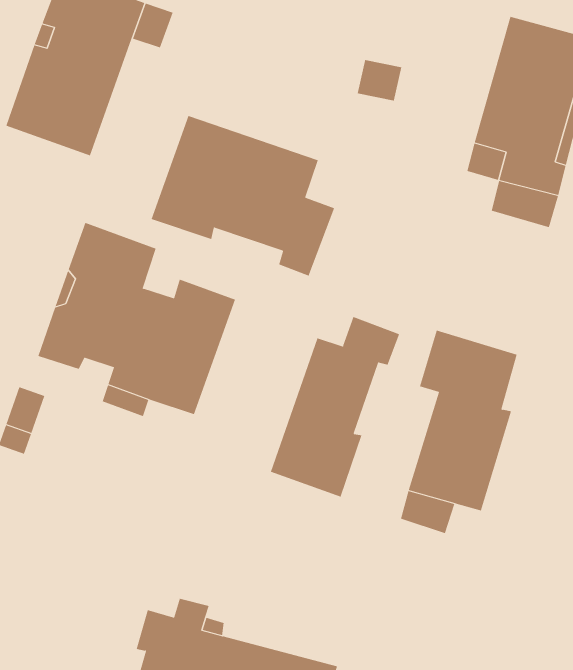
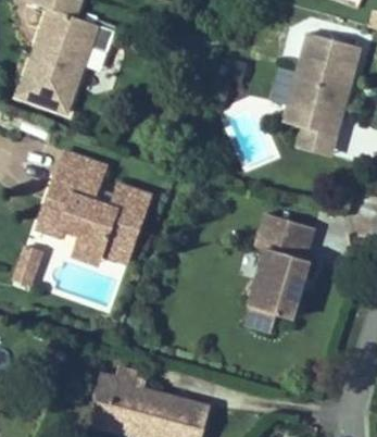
building: [151,115,335,276] -> none
building: [270,316,400,497] -> none

